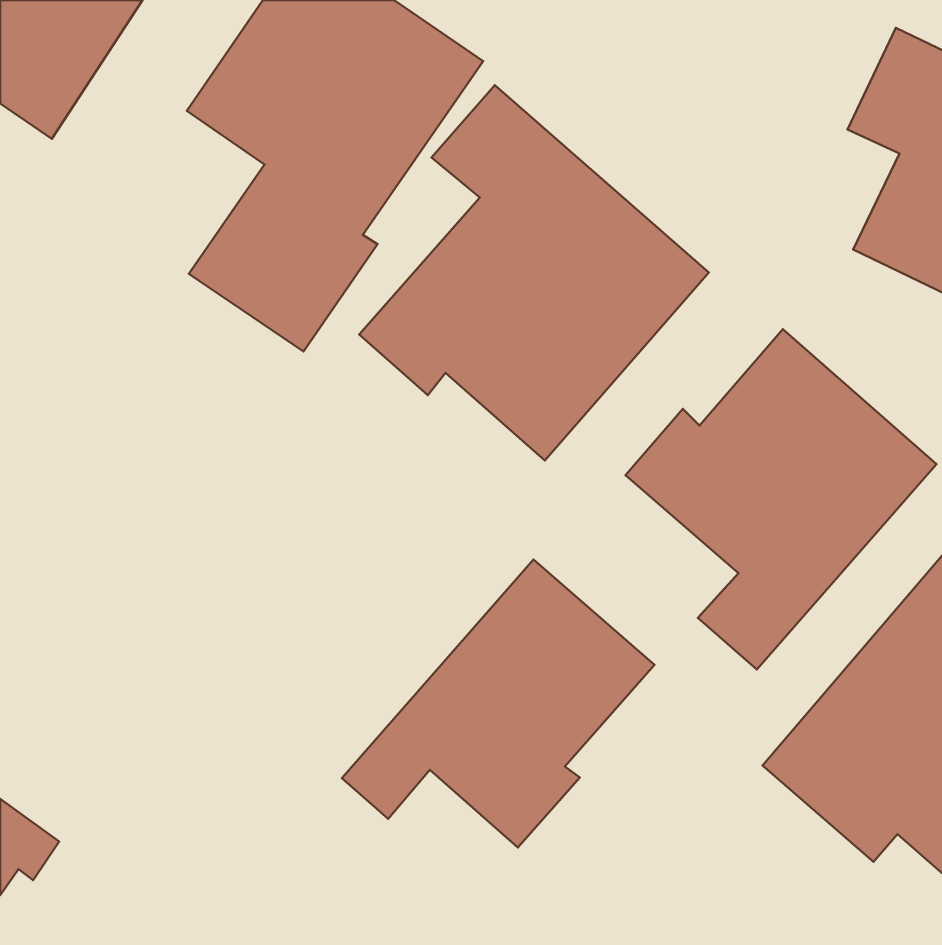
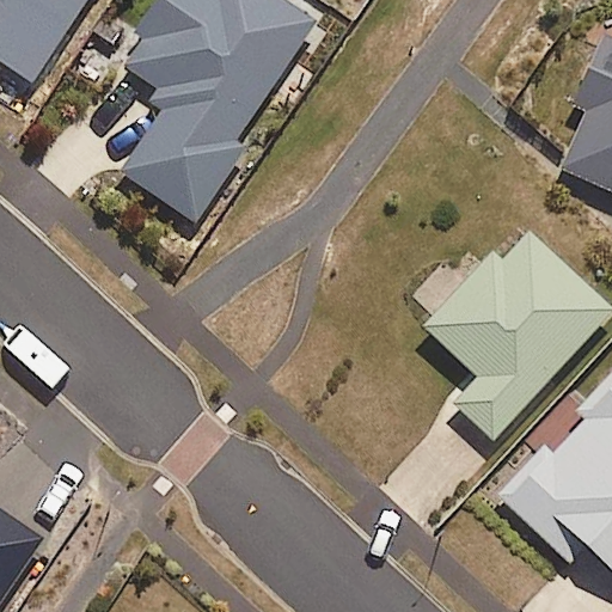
building: [359,85,709,461] -> none
building: [342,560,655,848] -> none

